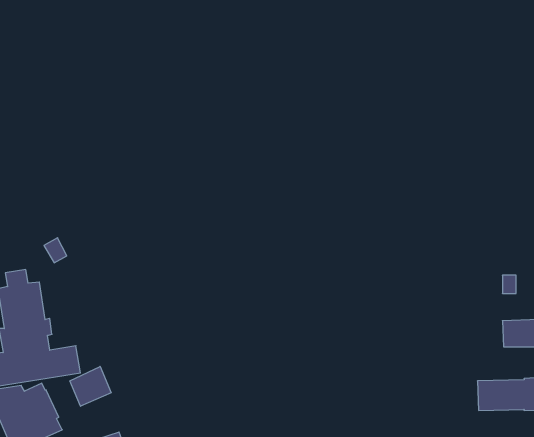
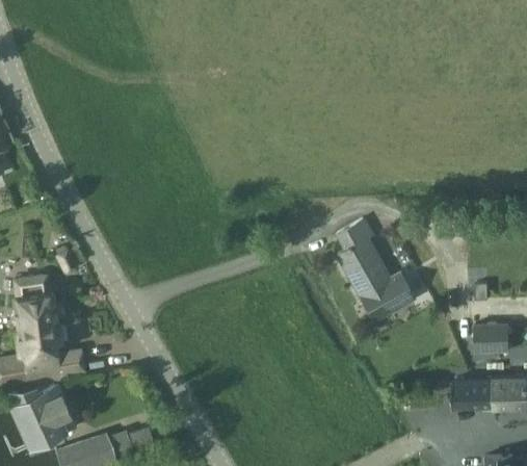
building: none -> [337,219,414,321]
building: [70,366,111,406] -> none

